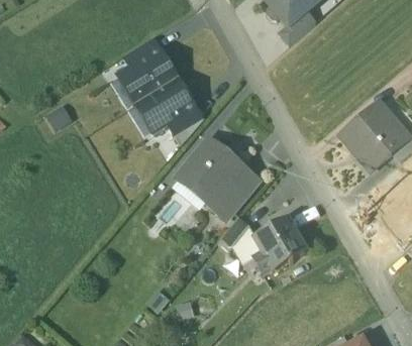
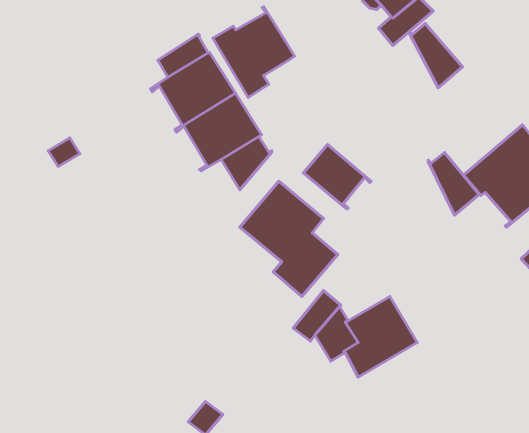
building: none -> [213,7,295,97]
building: none -> [409,24,463,88]
building: none -> [303,145,371,209]
building: none -> [428,152,479,215]

